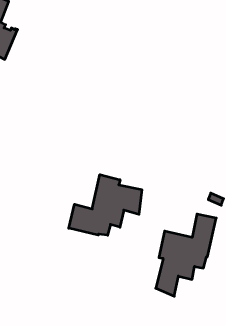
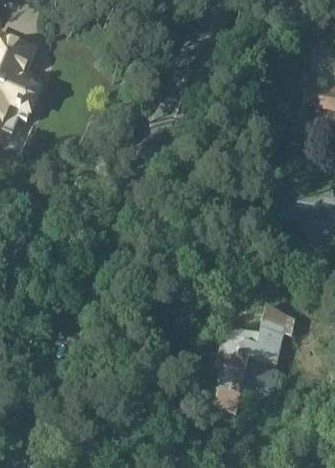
building: [69,175,142,235] -> none

